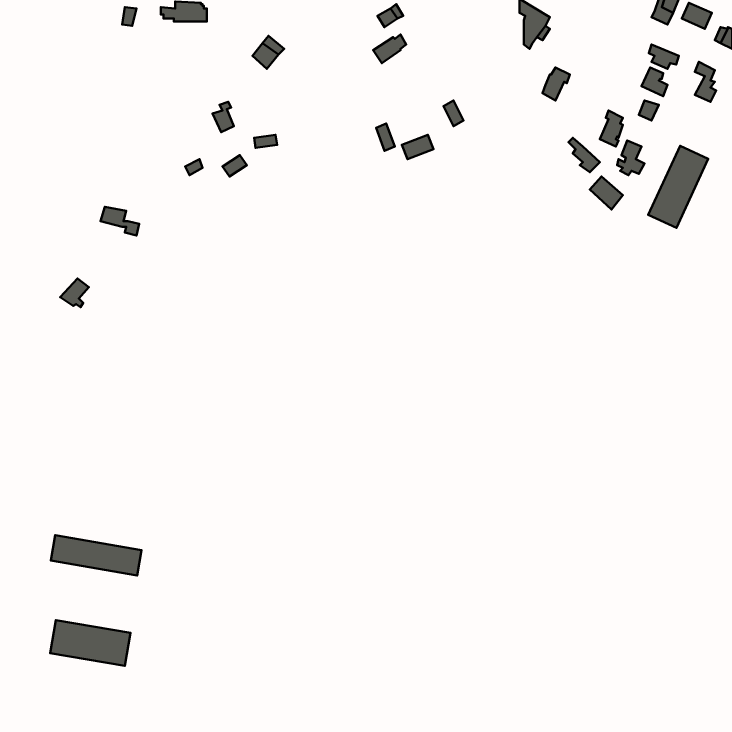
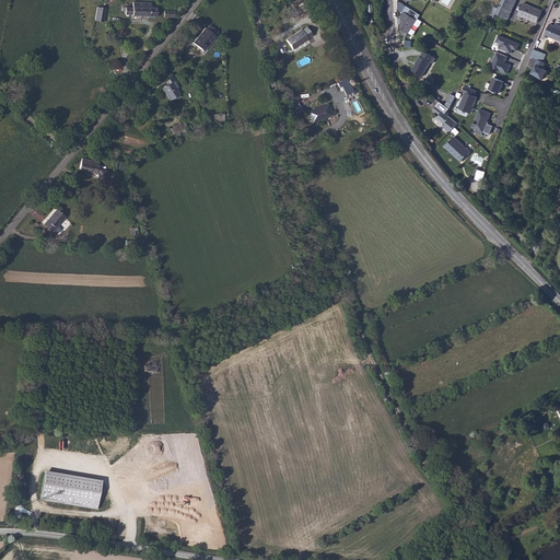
building: [648,146,708,228] -> none
building: [51,535,142,576] -> none

